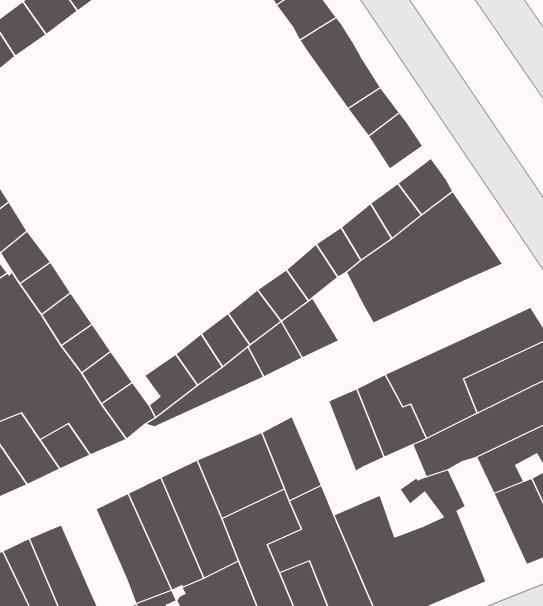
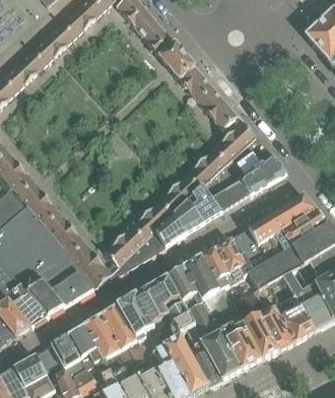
building: none -> [188,185,221,221]
building: none -> [184,254,234,314]
building: none -> [276,293,316,340]
building: none -> [68,324,106,370]

